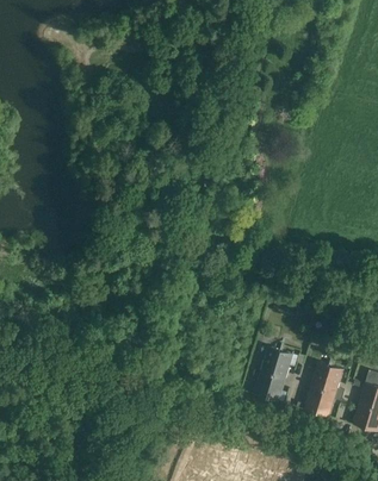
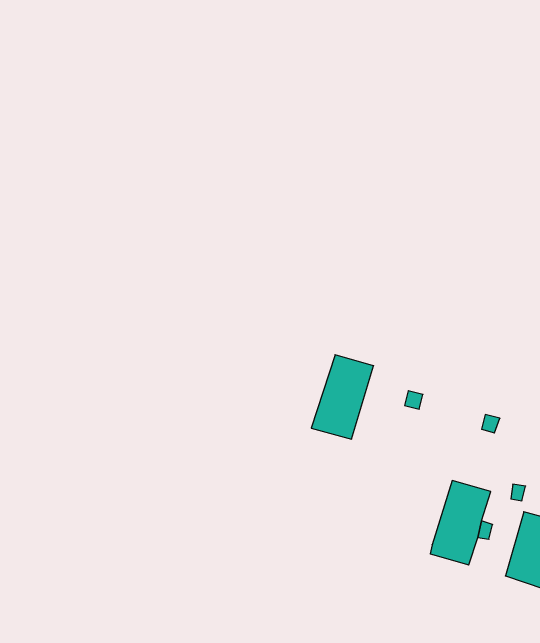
building: [253,346,293,401] -> [311,355,374,439]

